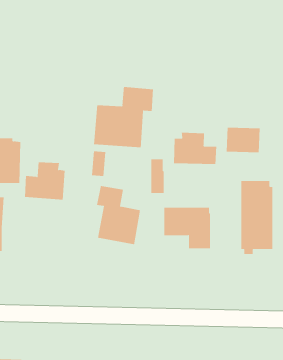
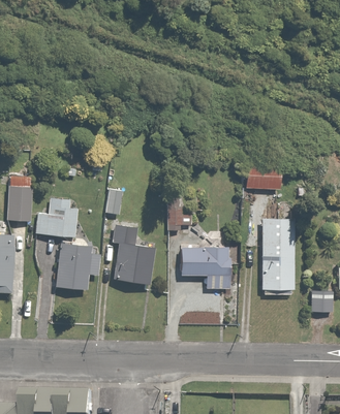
building: [94,86,153,148] -> none
building: [173,132,217,165] -> none
building: none -> [54,242,100,289]

